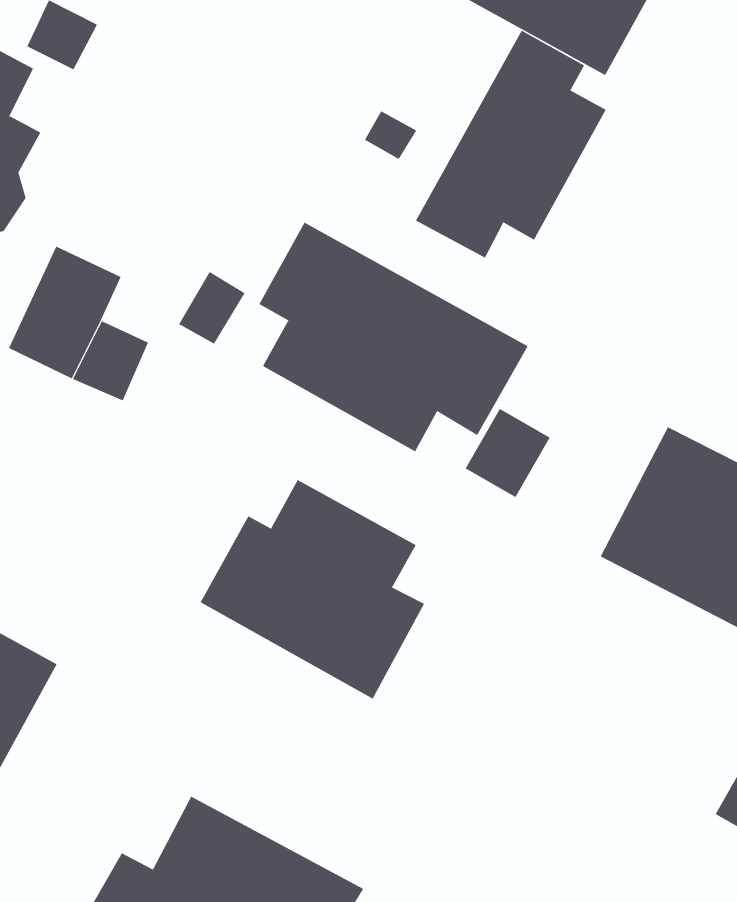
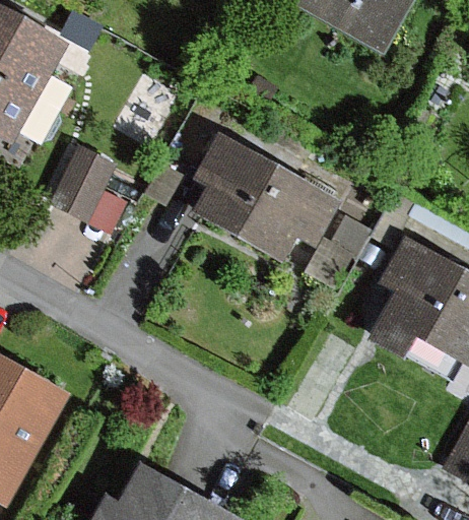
building: [415,30,606,258] -> none
building: [200,479,425,699] -> none

